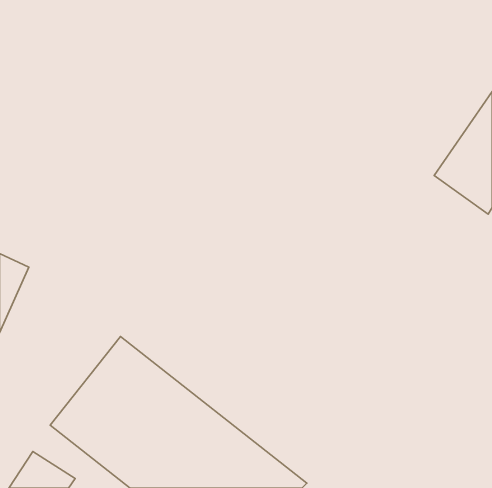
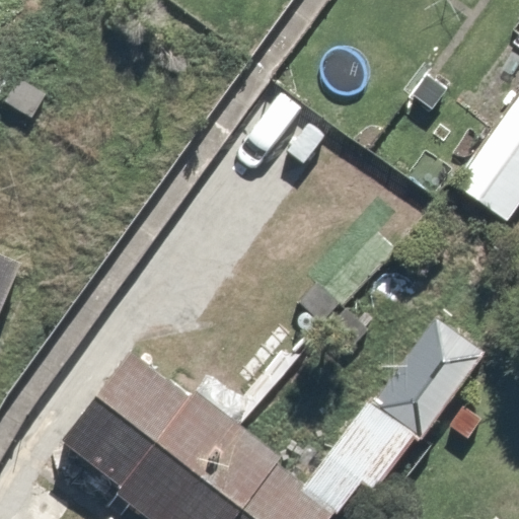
building: none -> [329,315,491,499]

